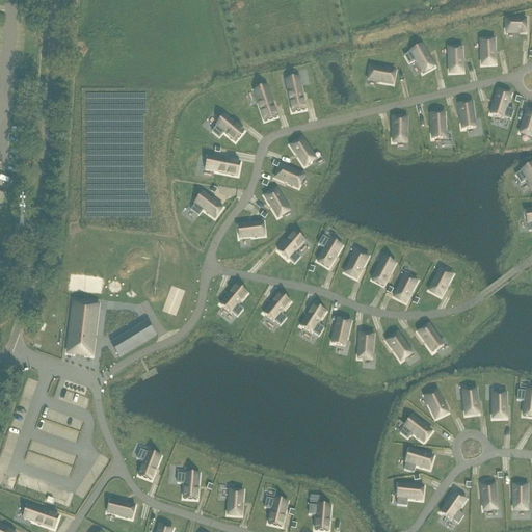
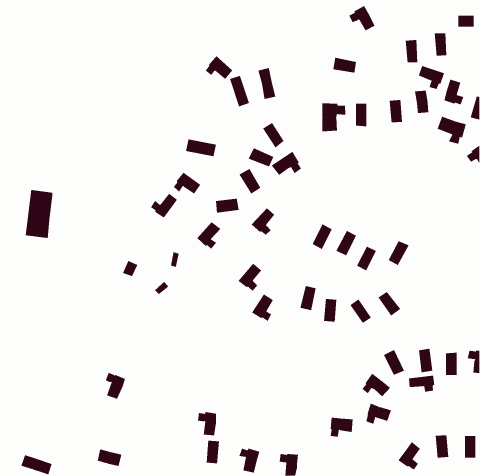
building: [404,42,434,71] -> [348,5,376,31]
building: none -> [418,65,445,90]
building: [212,112,243,139] -> [205,55,233,80]
building: none -> [322,102,346,132]
building: none -> [437,116,467,144]
building: none -> [271,151,302,176]
building: none -> [150,193,178,219]
building: [317,234,342,265] -> none
building: [220,283,247,314] -> [197,221,221,250]
building: [66,299,98,353] -> [25,190,53,238]
building: [300,302,325,334] -> [251,294,274,322]
building: [110,319,155,354] -> none
building: none -> [408,375,435,393]
building: [137,447,160,477] -> [105,372,126,399]
building: [177,470,198,497] -> [197,411,217,436]
building: [397,481,423,503] -> [330,417,353,437]

